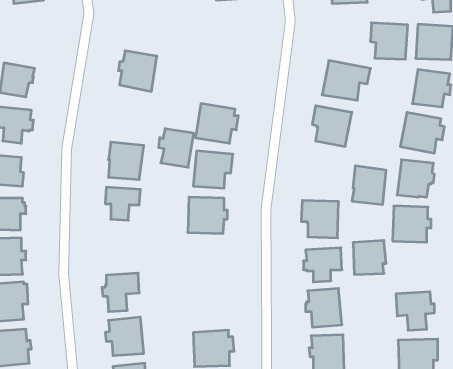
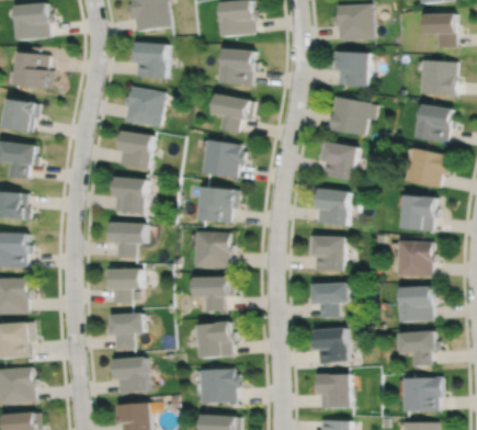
building: none -> [132,44,166,79]
building: none -> [16,47,54,90]
building: none -> [219,50,257,87]
building: [370,23,408,59] -> [331,52,368,88]
building: none -> [212,95,253,134]
building: [159,129,194,167] -> [116,133,151,171]
building: [352,166,386,204] -> [314,190,348,228]
building: none -> [105,264,141,302]
building: [353,240,386,274] -> [400,287,433,321]
building: none -> [194,279,234,312]
building: none -> [197,318,235,358]

